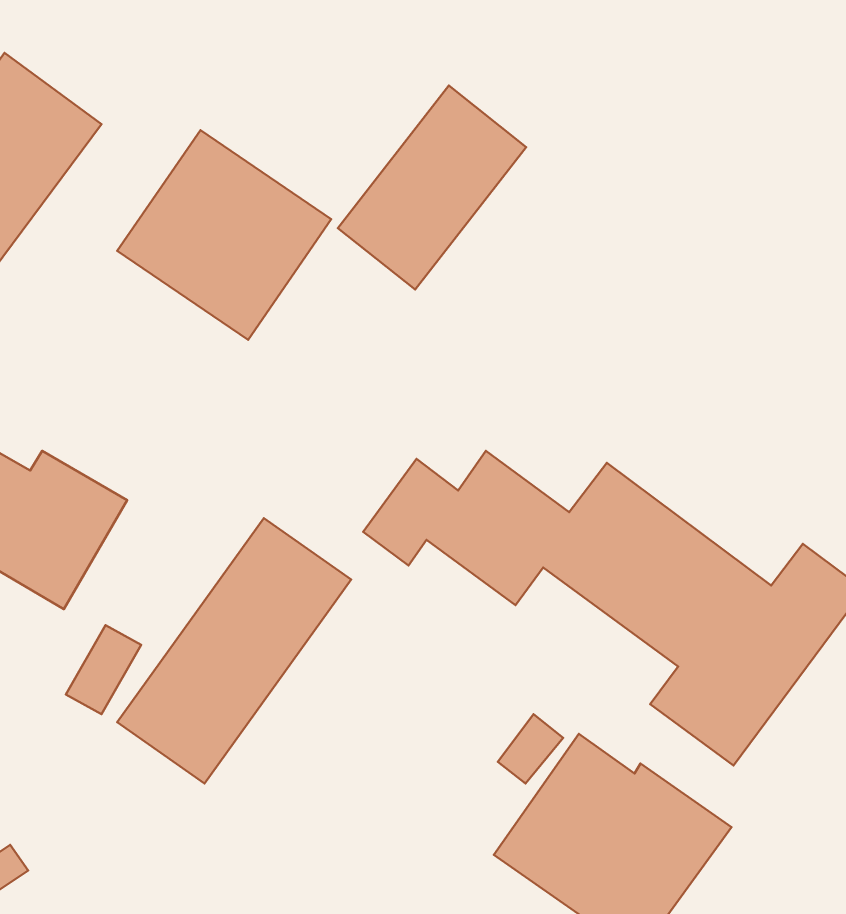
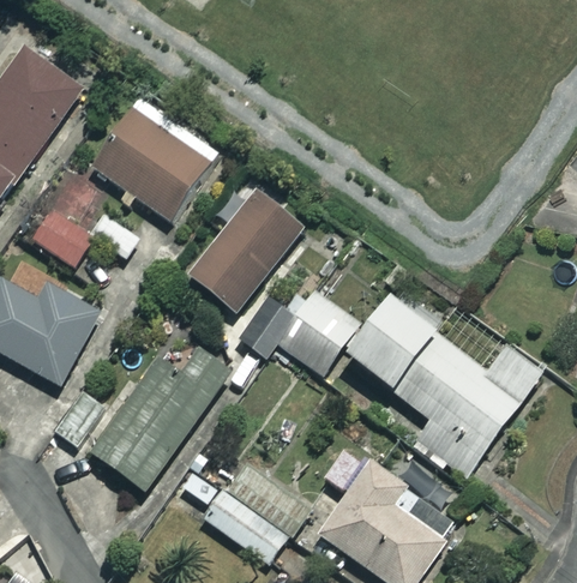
building: [338,86,526,290] -> [188,190,302,313]
building: none -> [31,172,140,265]
building: none -> [203,491,287,563]

